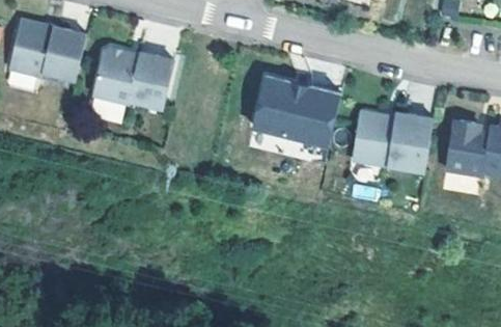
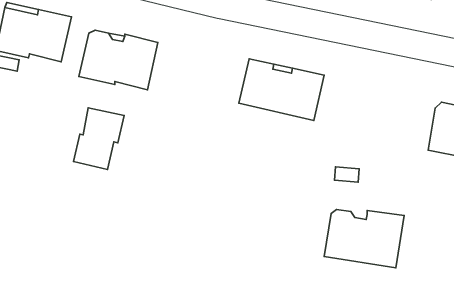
building: [355,111,436,170] -> [324,209,404,268]
building: none -> [74,108,124,169]

